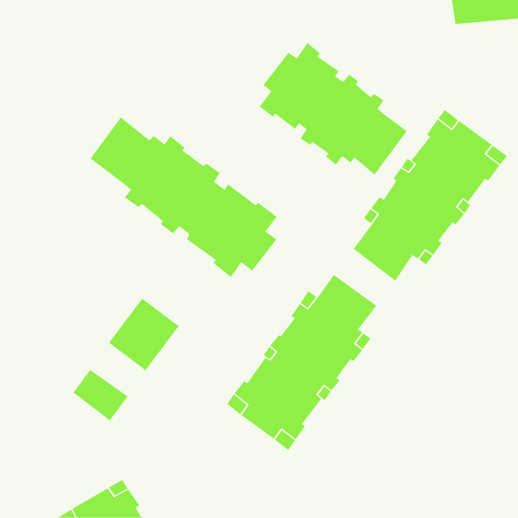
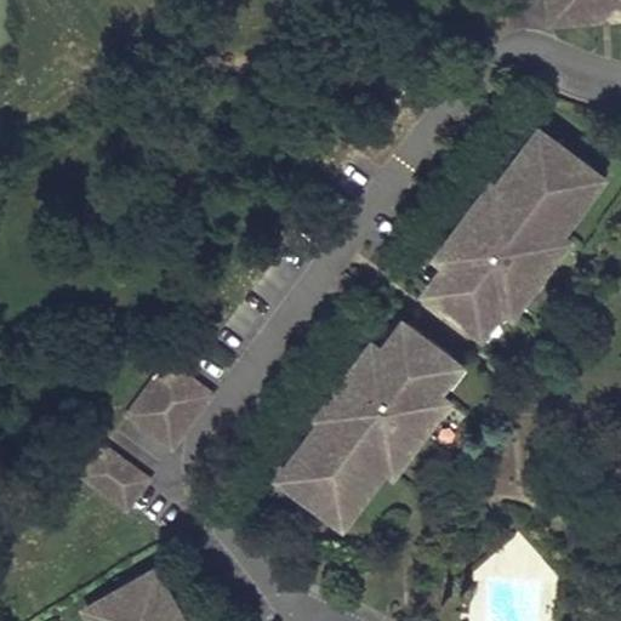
building: [259,42,408,175] -> none
building: [90,116,277,278] -> none

